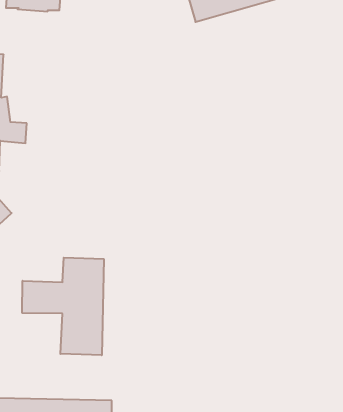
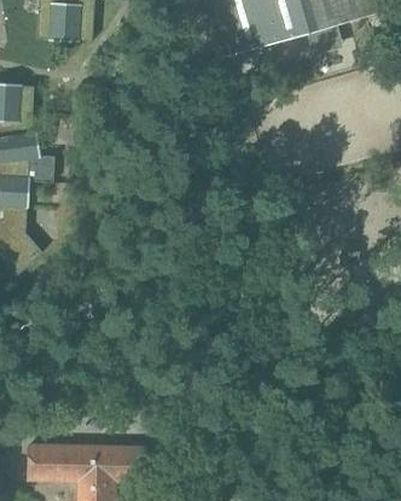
building: [22,258,104,355] -> none

